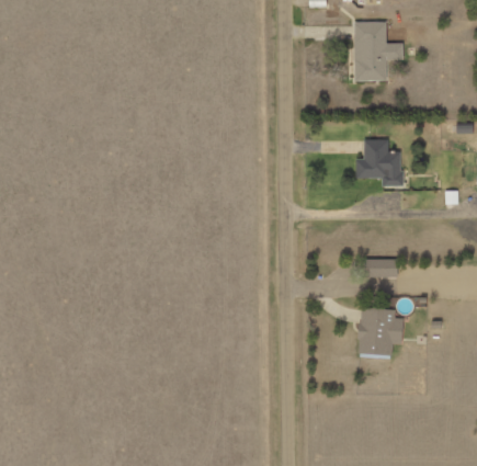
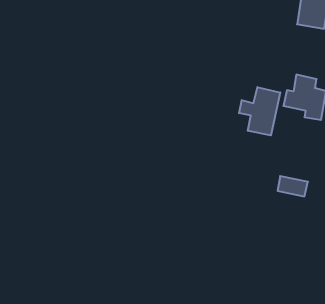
building: none -> [239,87,280,135]
building: [359,308,402,355] -> none

